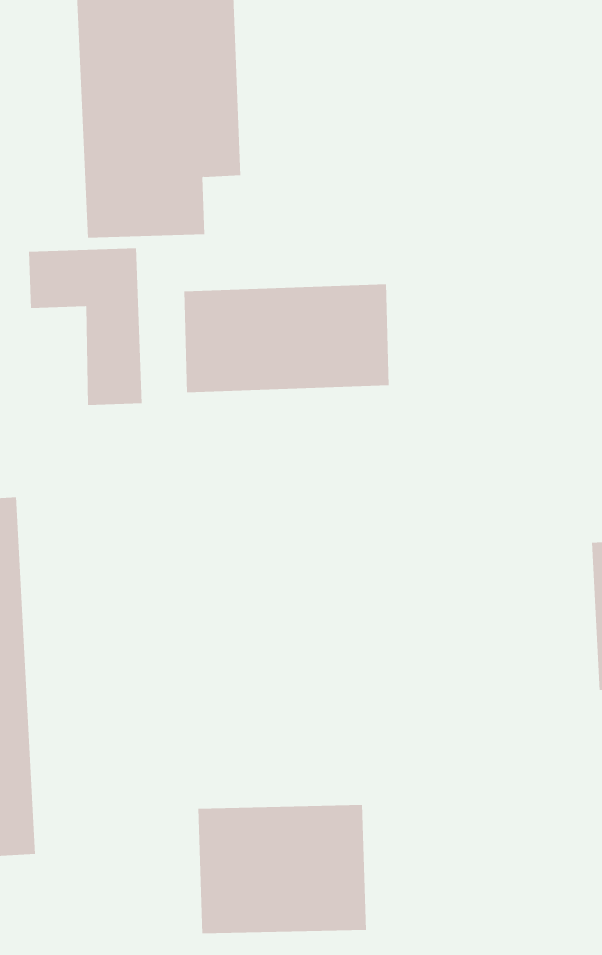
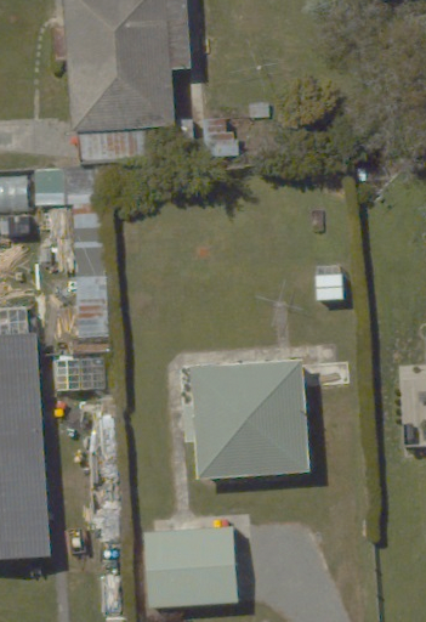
building: [184,283,389,393] -> none
building: none -> [182,356,350,475]

